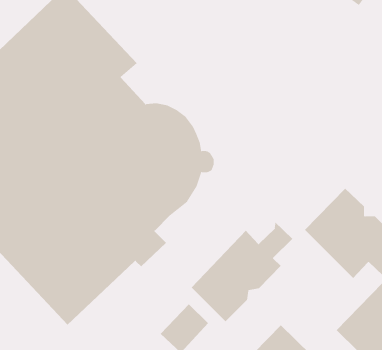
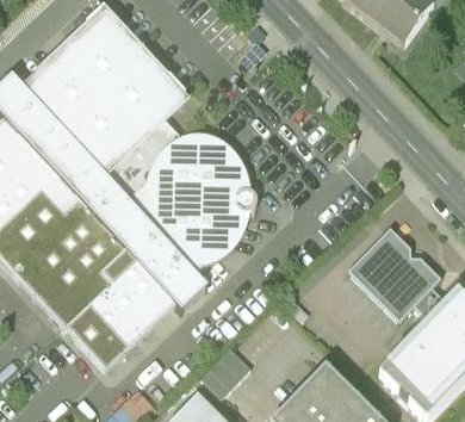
building: [191,221,293,322] -> none

